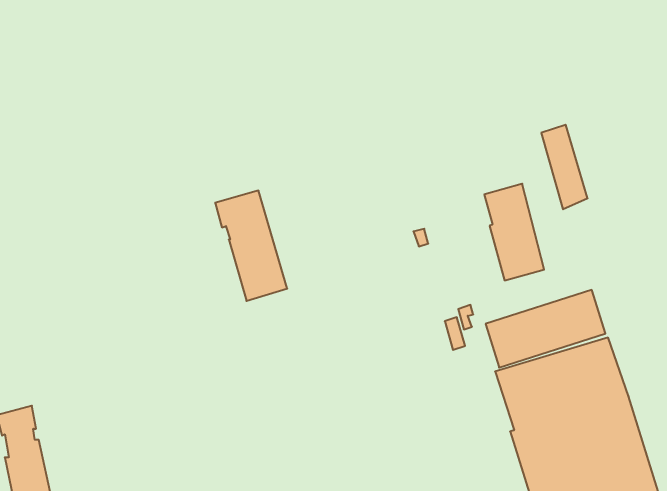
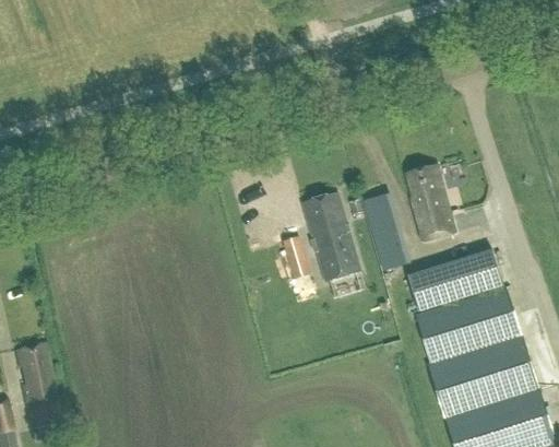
building: [541,125,588,209] -> [364,195,401,262]
building: [215,191,287,301] -> [302,191,360,280]
building: none -> [282,234,311,279]

